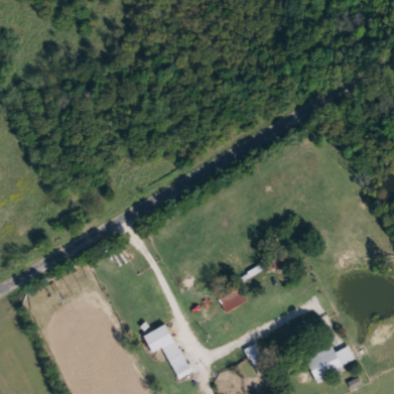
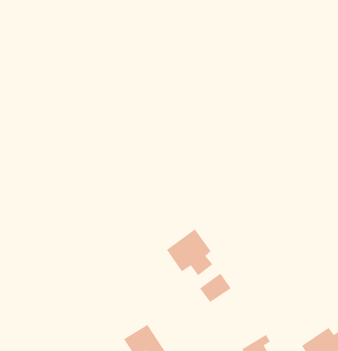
building: none -> [166,229,213,276]

